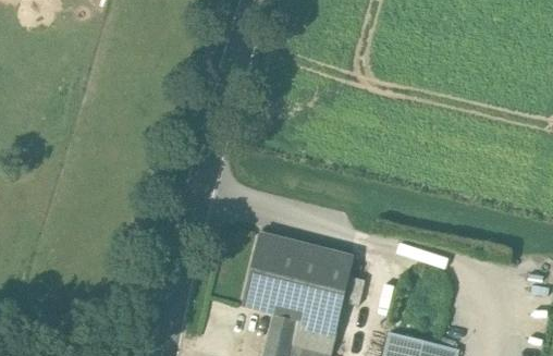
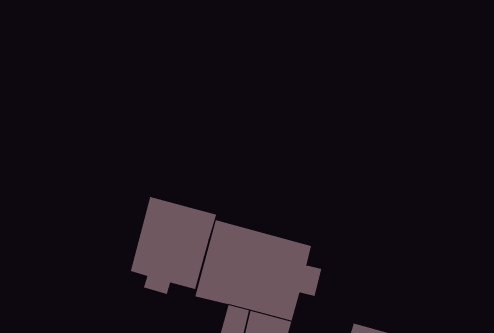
building: none -> [130,196,217,295]

